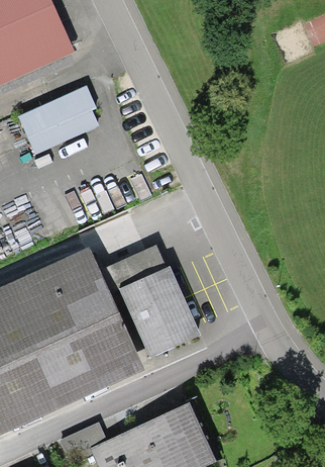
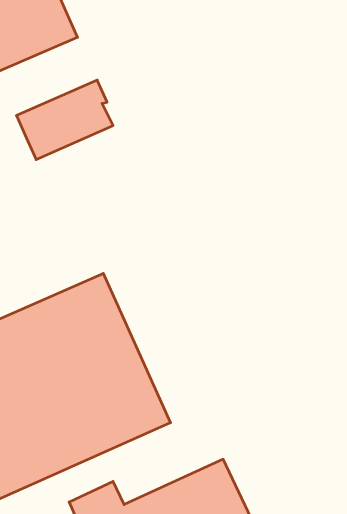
building: [111,244,201,356] -> none

